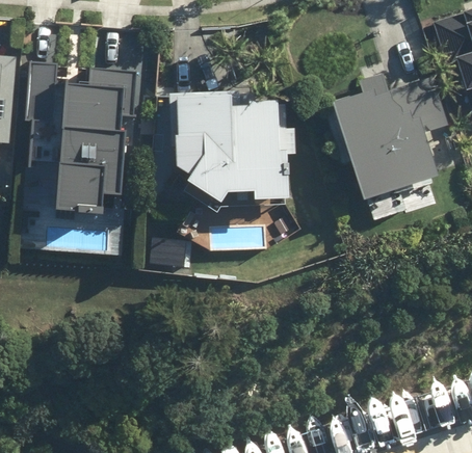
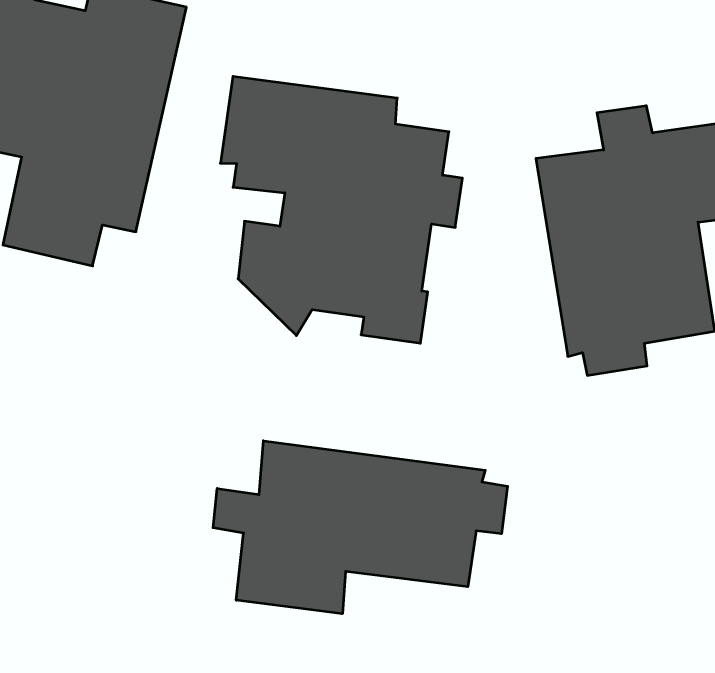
building: none -> [213,441,508,614]

